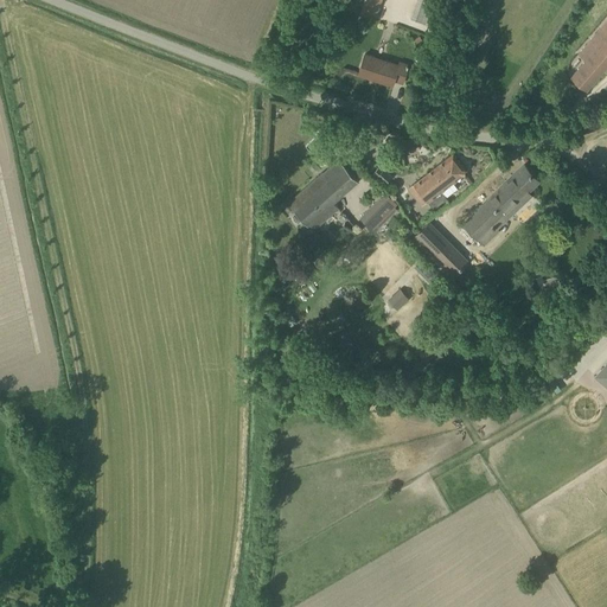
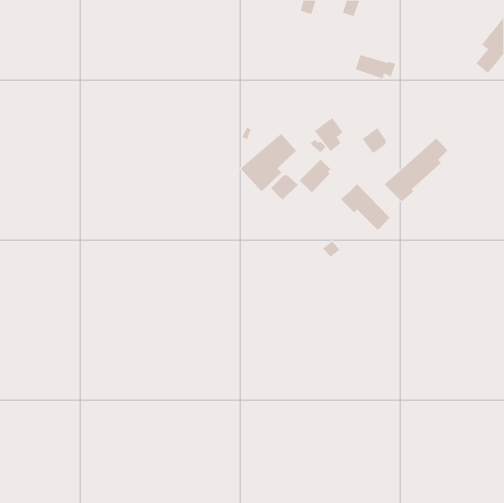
building: [358,57,408,87] -> [355,55,396,79]
building: [413,168,448,210] -> [314,117,343,152]
building: none -> [270,175,298,200]

